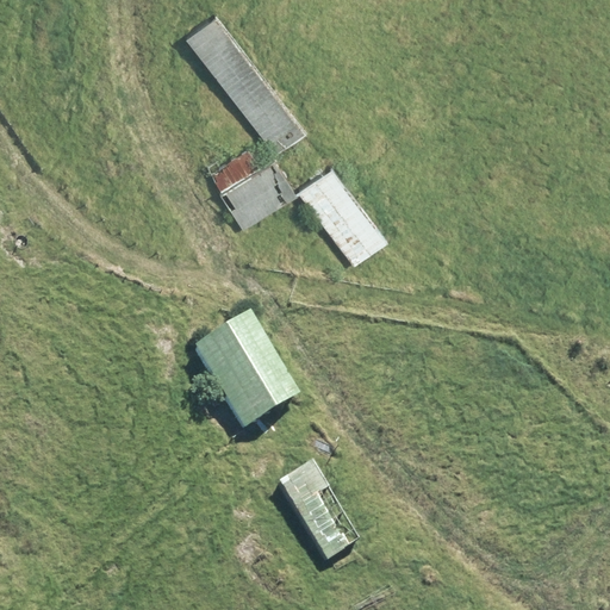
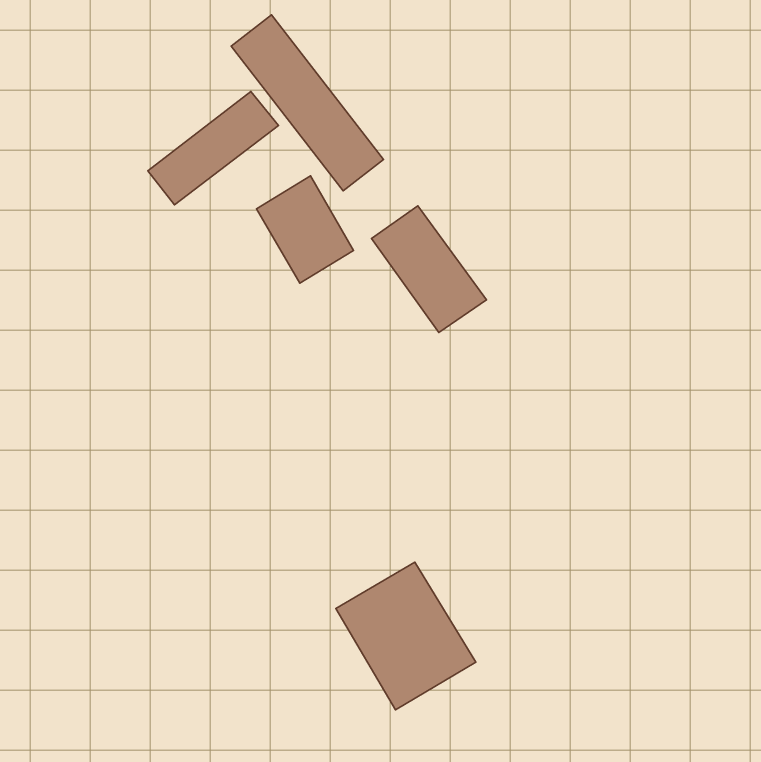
building: none -> [148,91,279,205]
building: [182,316,297,438] -> none

